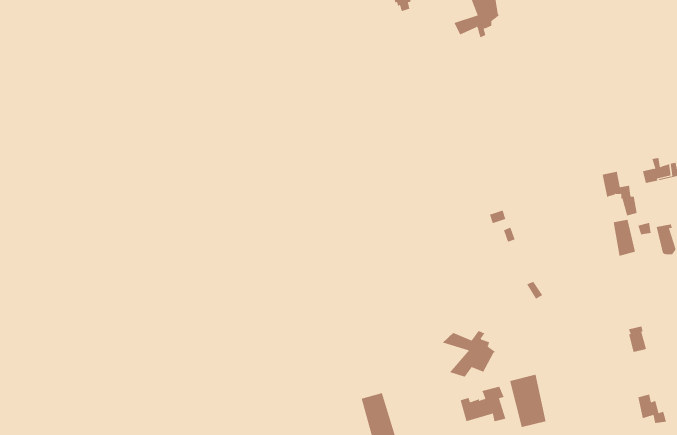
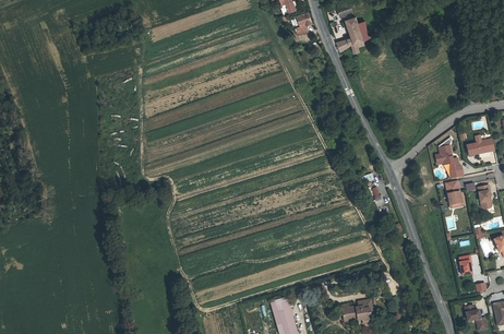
building: [442,330,496,377] -> none
building: [510,374,546,428] -> none

